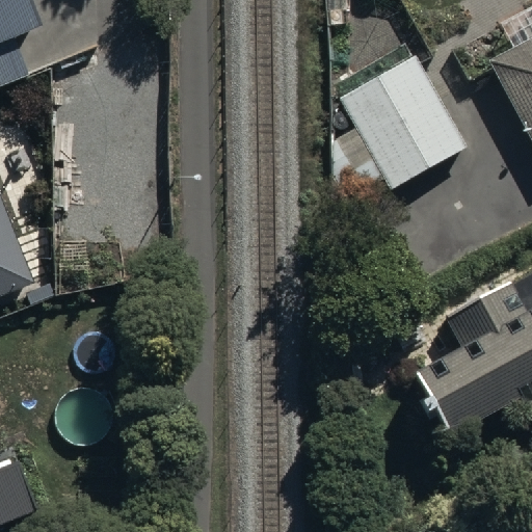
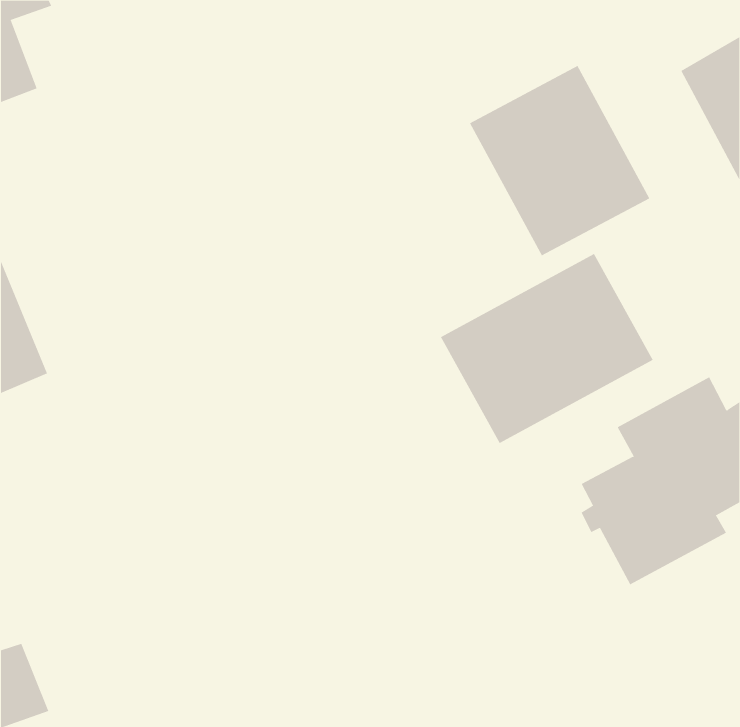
building: none -> [440,253,653,444]

